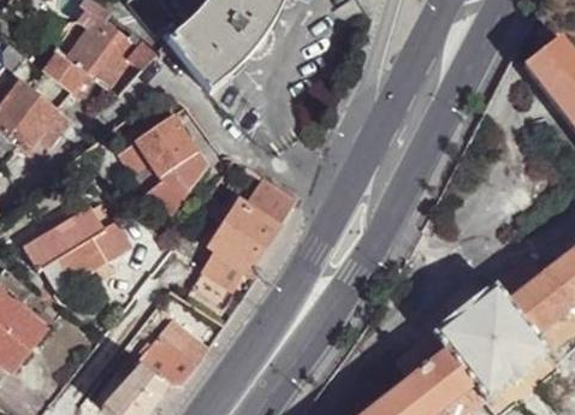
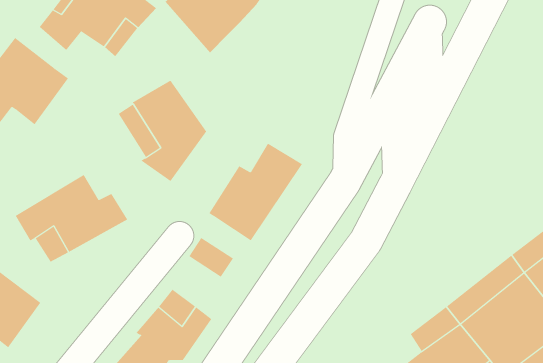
building: [197,248,254,296] -> none

